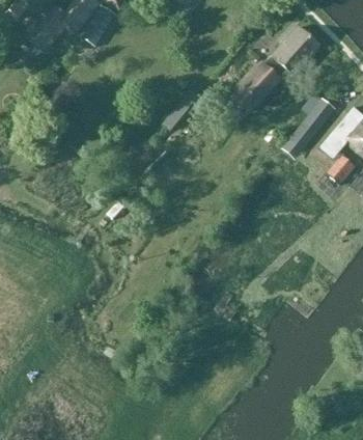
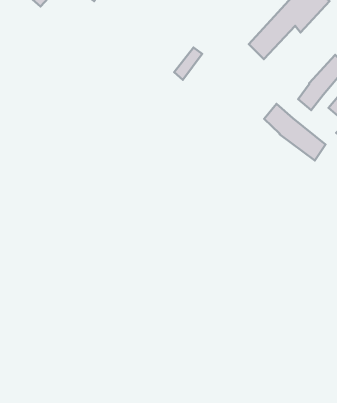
building: none -> [264,104,326,160]

